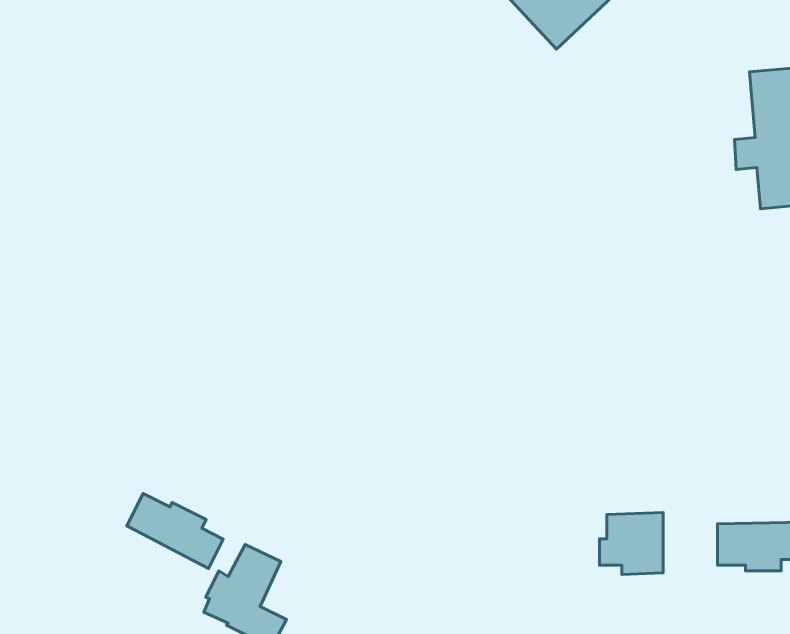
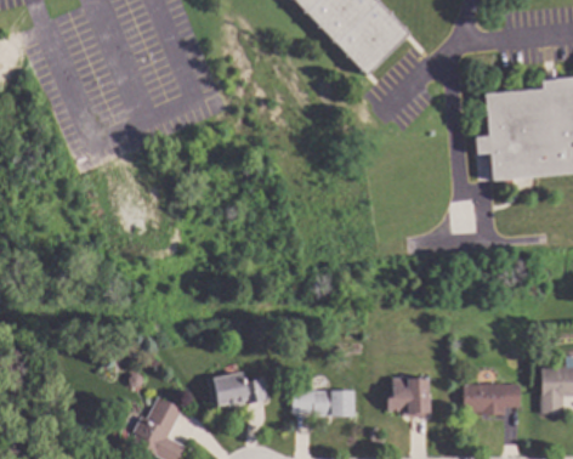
building: [127,493,223,569] -> none
building: none -> [214,370,270,407]
building: none -> [294,390,356,415]

